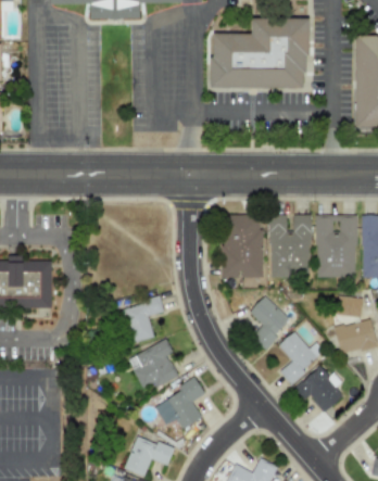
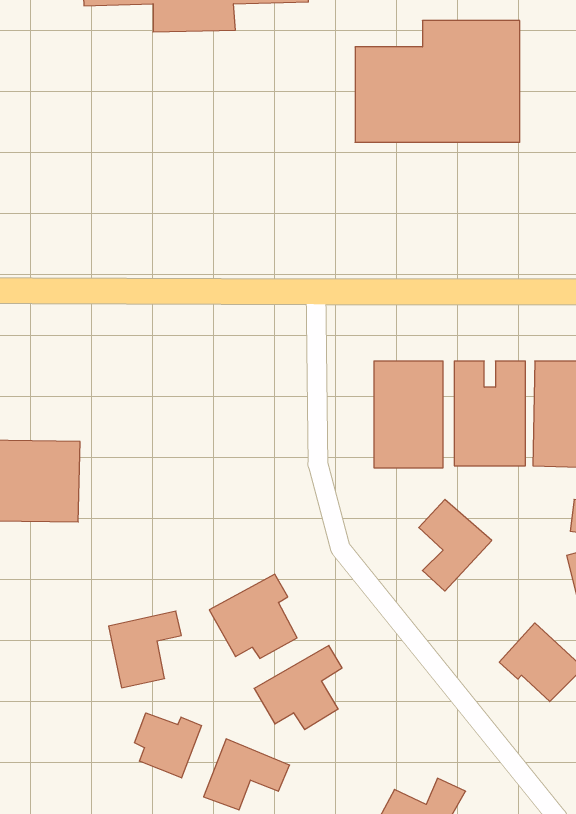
building: [121,299,163,343] -> [109,611,181,688]
building: [278,331,318,383] -> none
building: none -> [134,713,201,778]

